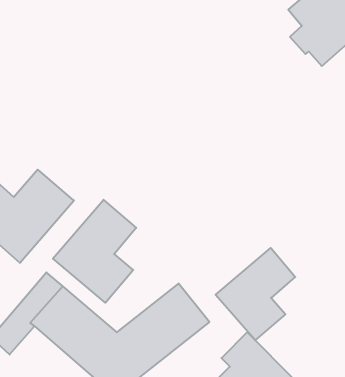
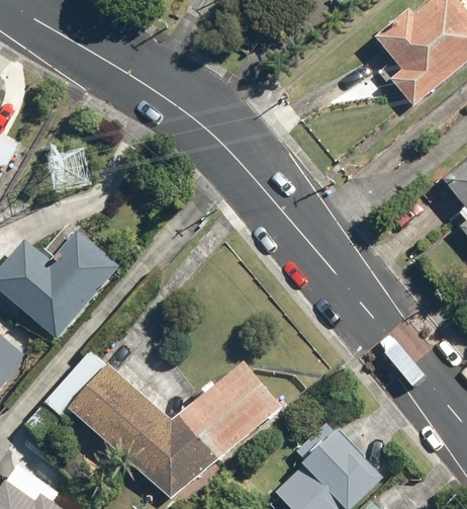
building: [53,200,136,303] -> none
building: [216,248,295,340] -> none

